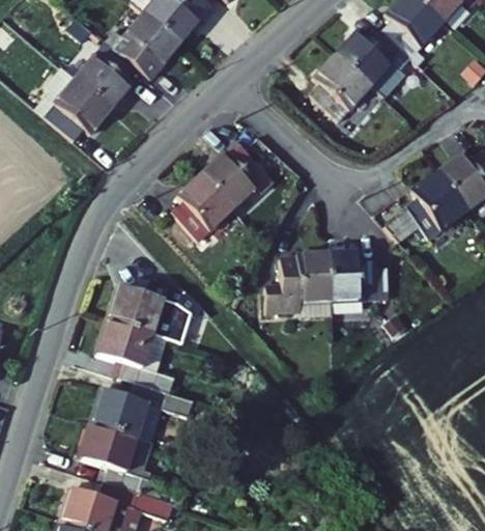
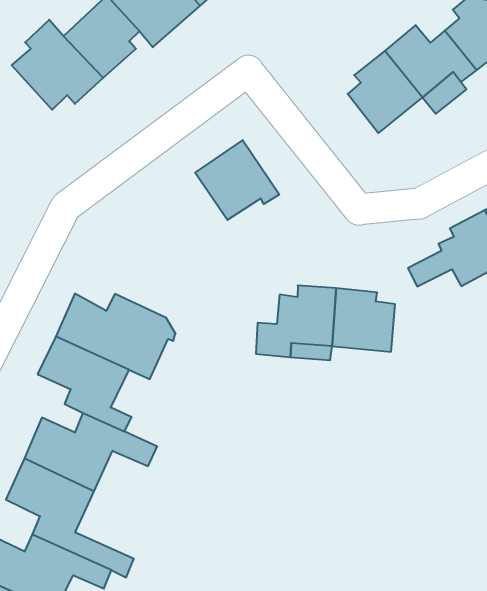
building: [168,174,228,240] -> none

